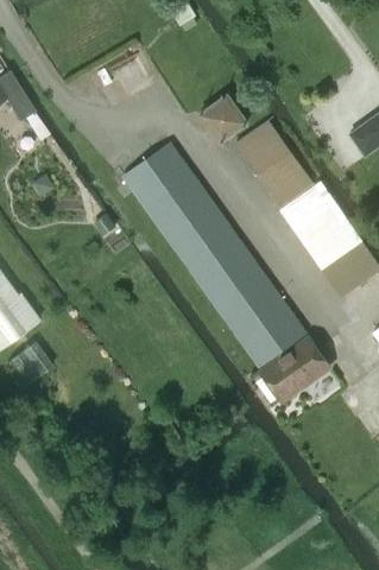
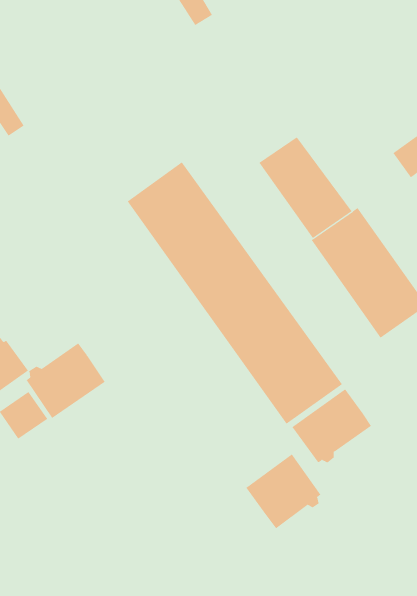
building: [196,93,248,145] -> none
building: none -> [26,342,106,419]
building: none -> [245,454,321,529]

